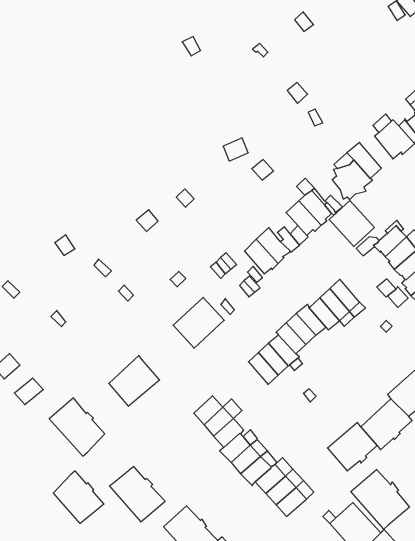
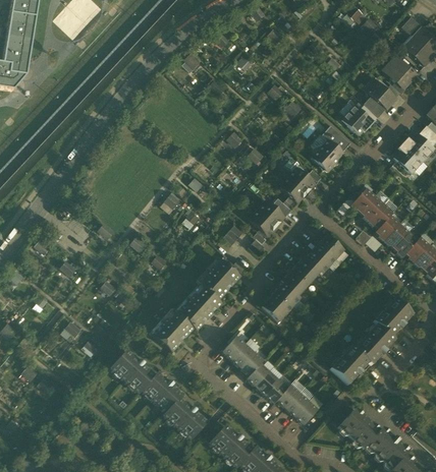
building: [329,200,374,247] -> none
building: none -> [177,284,220,330]
building: [351,469,409,529] -> none
building: [53,471,104,523] -> [142,371,182,412]

